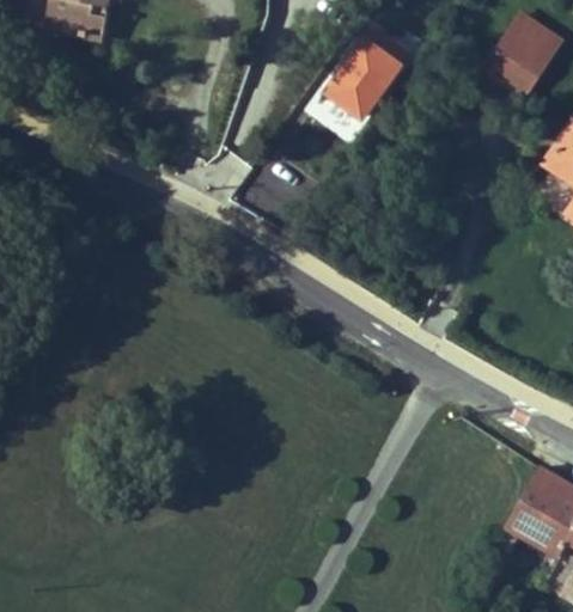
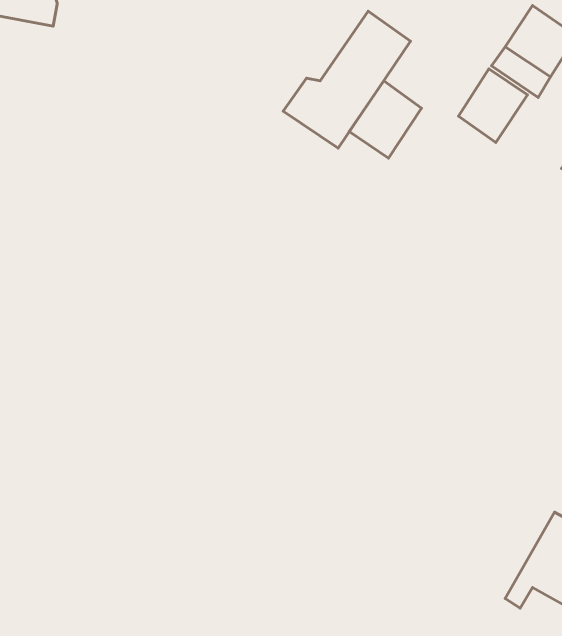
building: none -> [458,69,528,142]
building: none -> [349,81,422,158]

